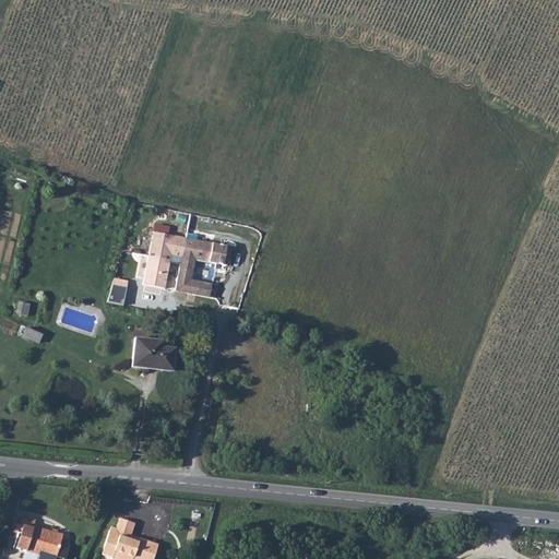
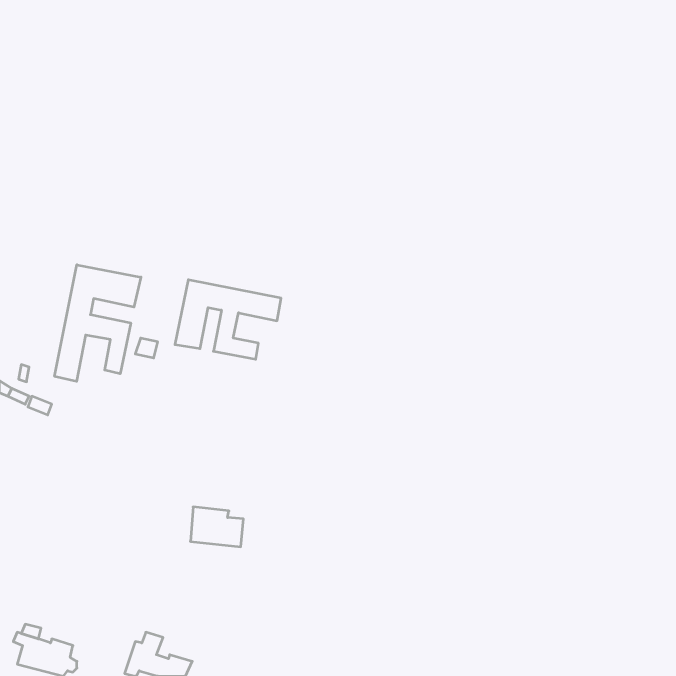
building: none -> [55,265,141,381]
building: [131,337,175,370] -> [190,507,243,547]

